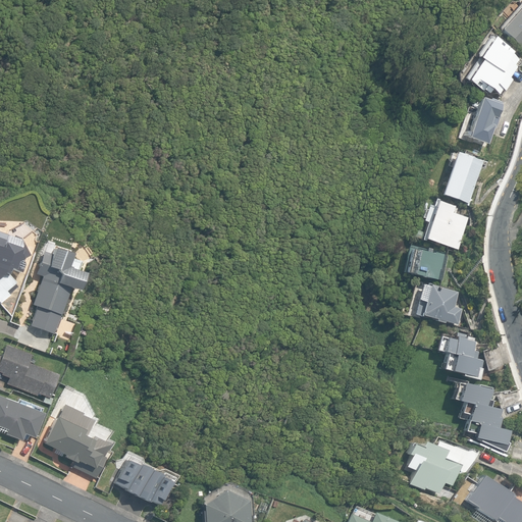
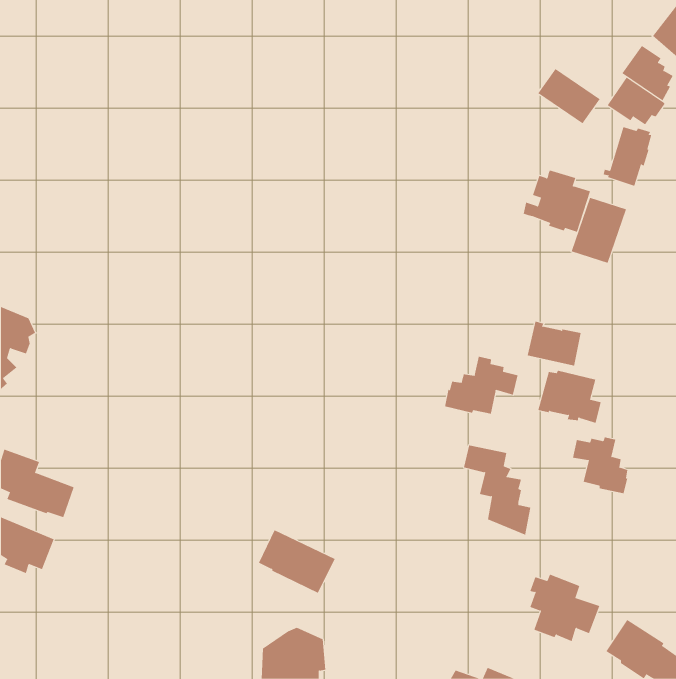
building: none -> [537,68,601,124]
building: [417,201,469,249] -> [523,170,591,232]
building: [31,247,86,333] -> none
building: none -> [445,356,518,414]
building: [458,381,510,451] -> [463,445,531,535]
building: [43,415,108,477] -> none
building: [115,457,174,506] -> [258,530,335,593]

